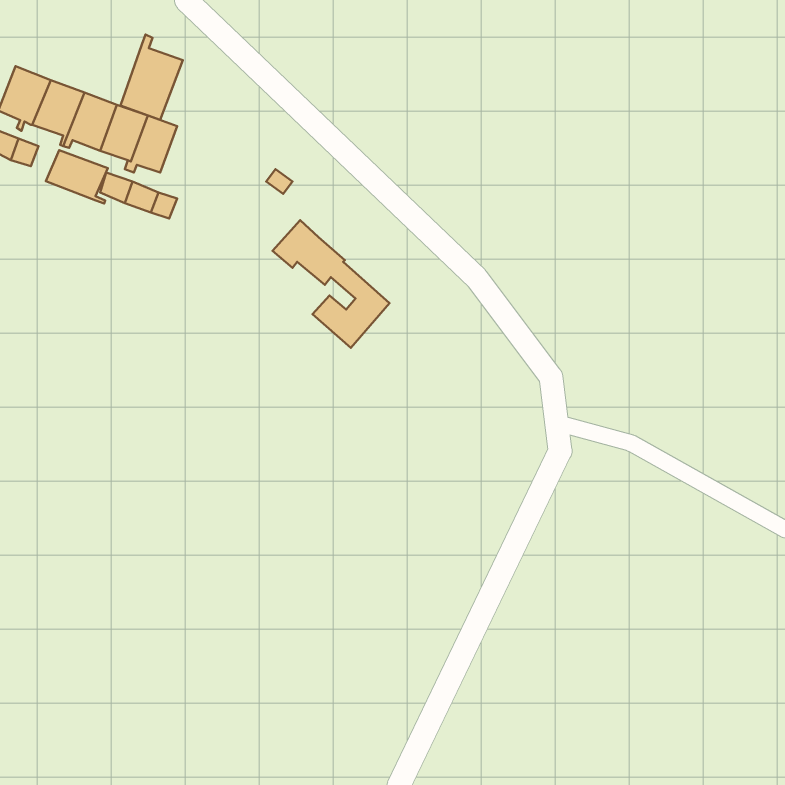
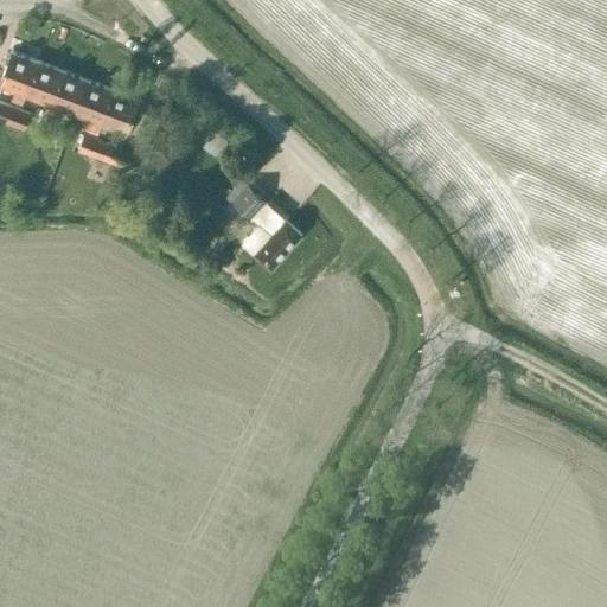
building: [121,34,183,120] -> none
building: [46,150,108,204] -> none

